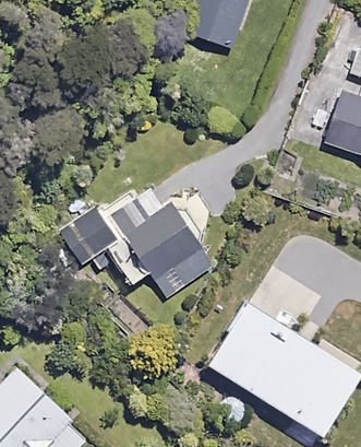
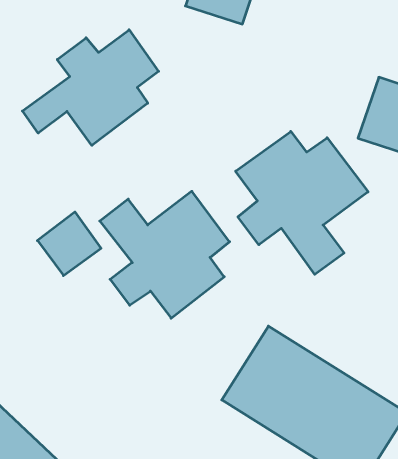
building: none -> [22,30,159,145]
building: none -> [236,131,368,274]

